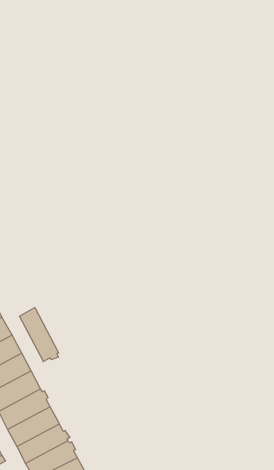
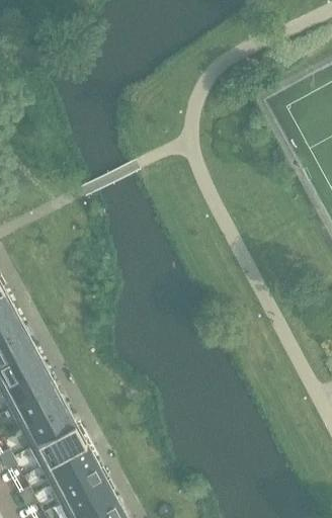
building: [20,308,59,362] -> none

